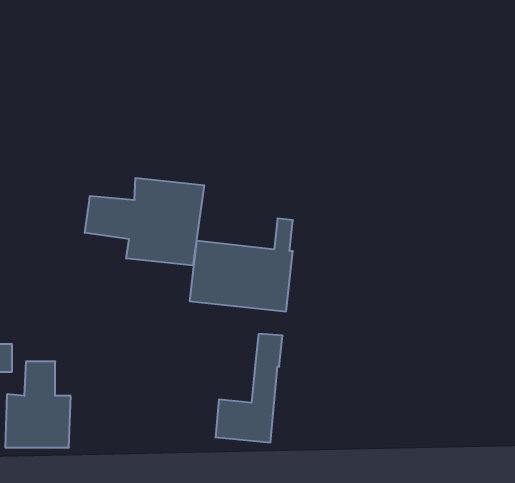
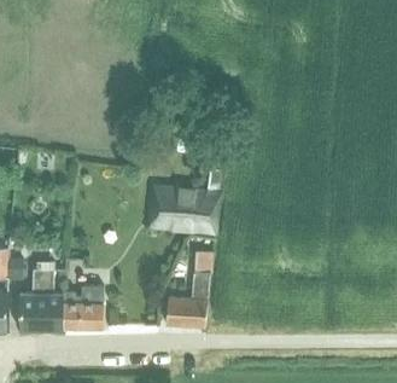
building: [85,178,204,266] -> none
building: none -> [63,288,103,331]

